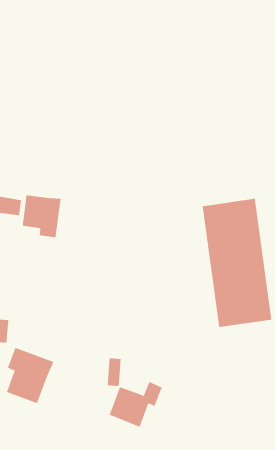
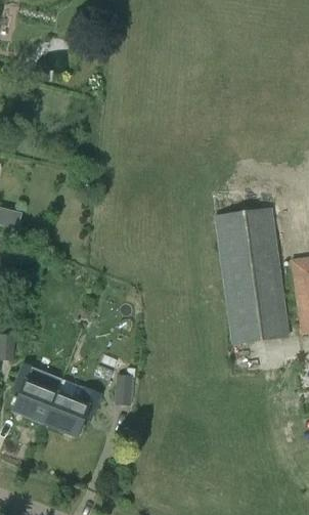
building: [22,194,61,238] -> none
building: [109,381,163,428] -> [44,388,100,436]

